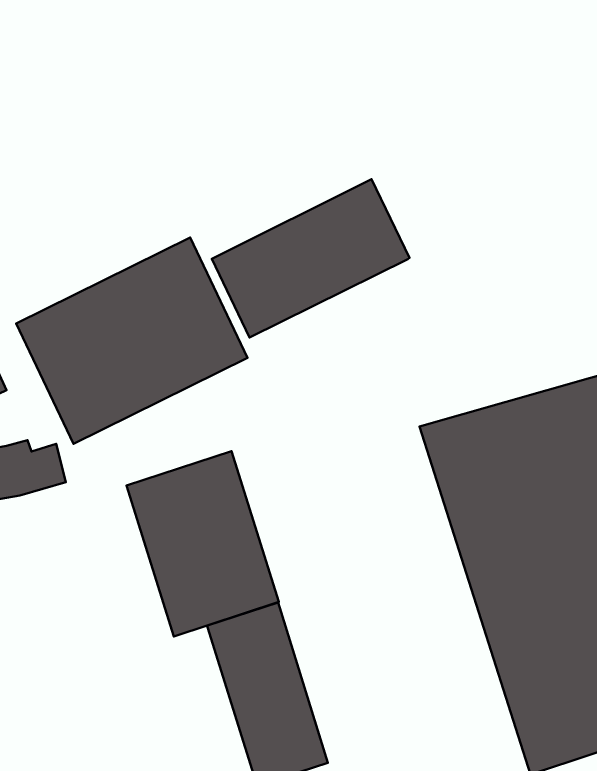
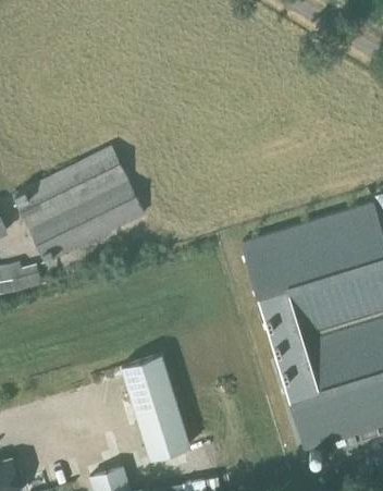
building: [212,179,409,337] -> none
building: [126,451,279,636] -> none

